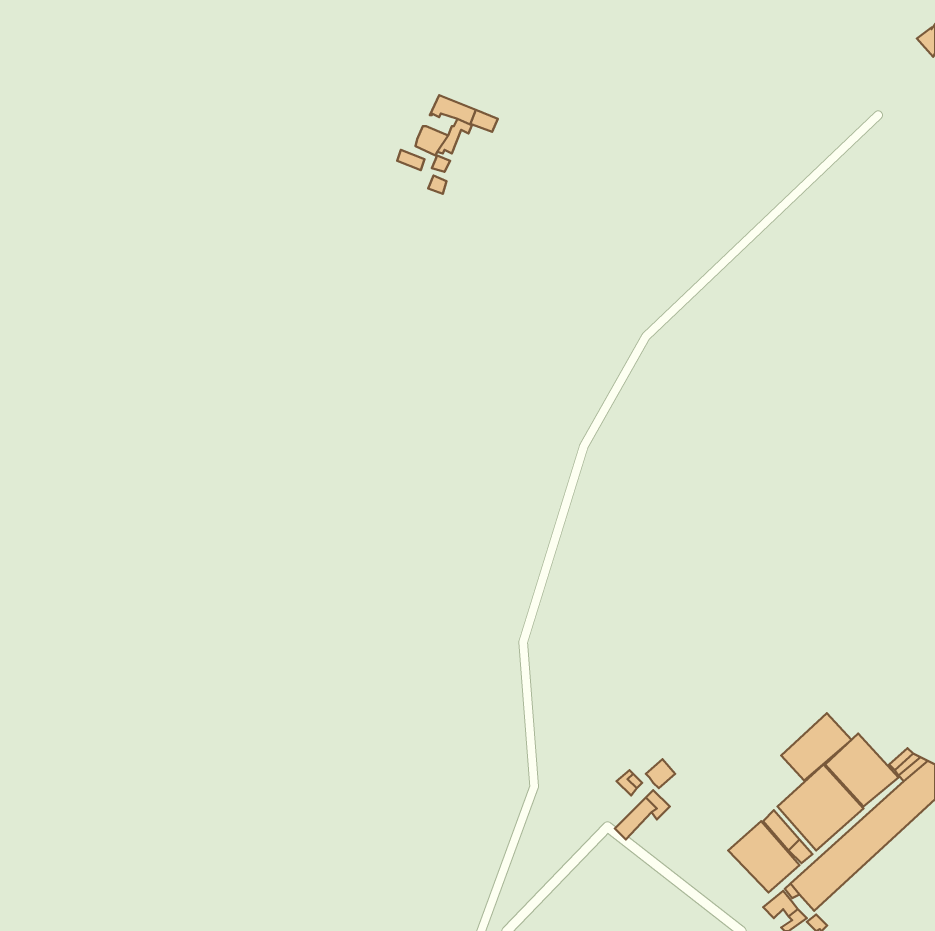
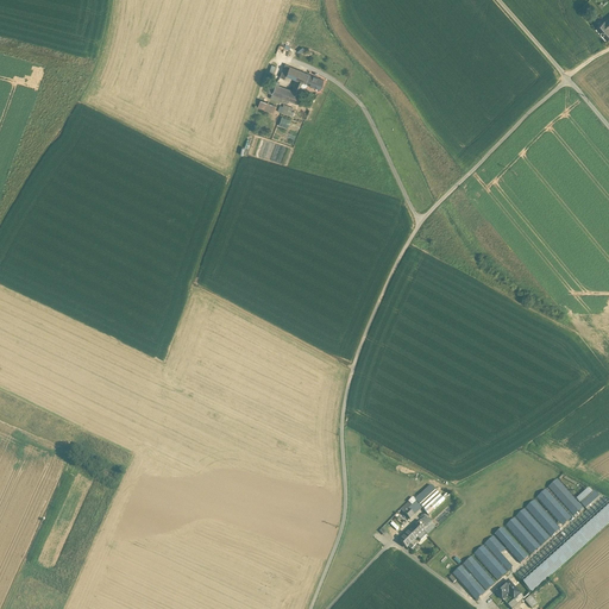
building: [781,713,851,781] -> none
building: none -> [452,554,497,601]

